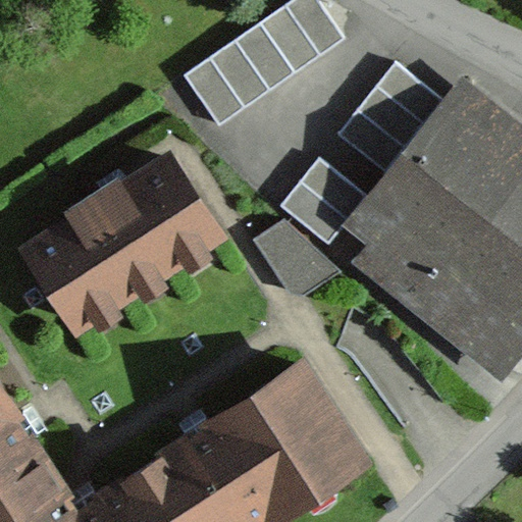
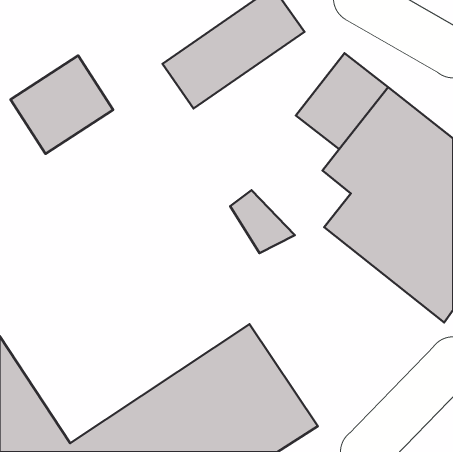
building: none -> [10,55,113,154]
building: [5,154,220,347] -> none
building: [281,155,370,244] -> none

